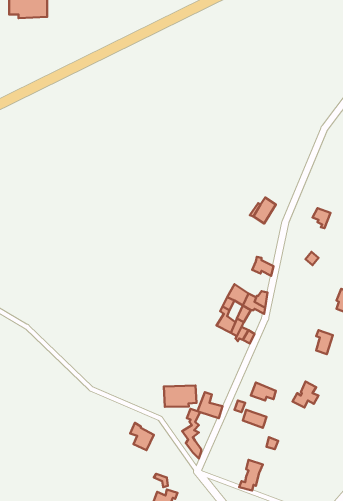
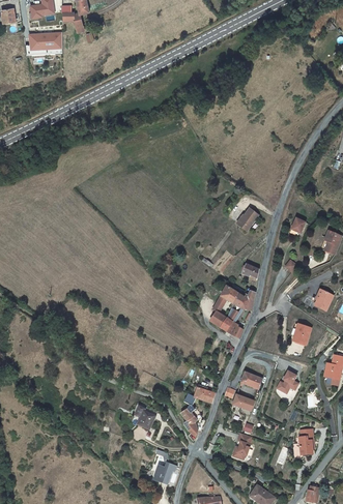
building: [164,386,196,407] -> none
building: none -> [293,428,314,461]

